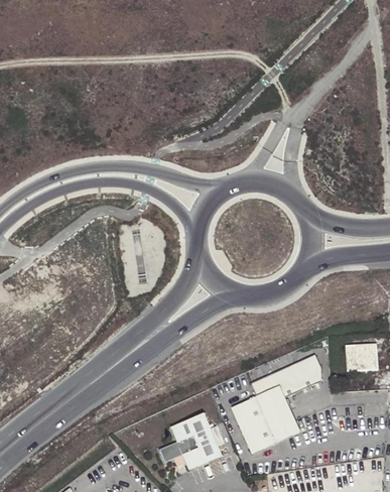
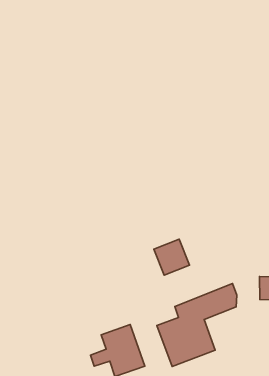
building: none -> [154,239,189,275]

